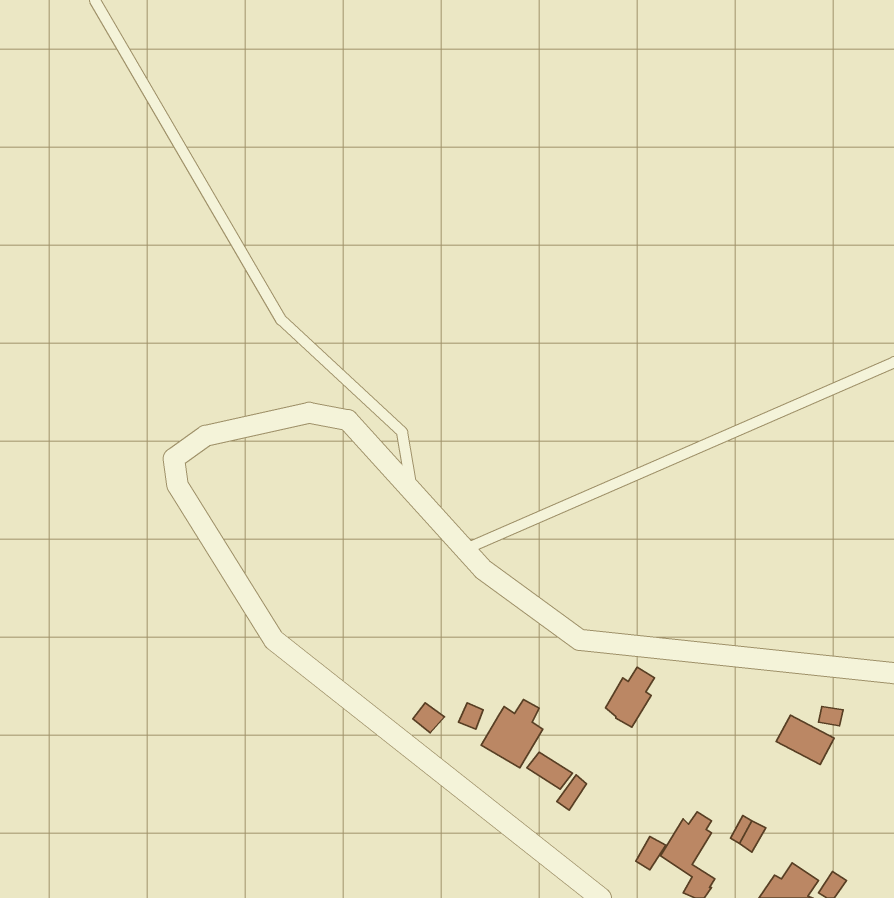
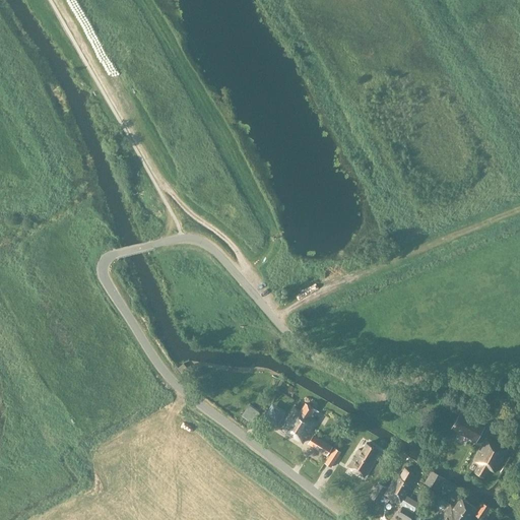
building: [605,667,655,727] -> [346,443,375,477]
building: none -> [471,438,506,478]

